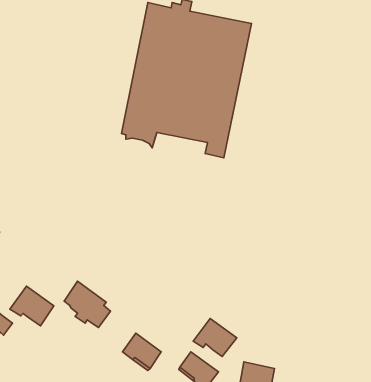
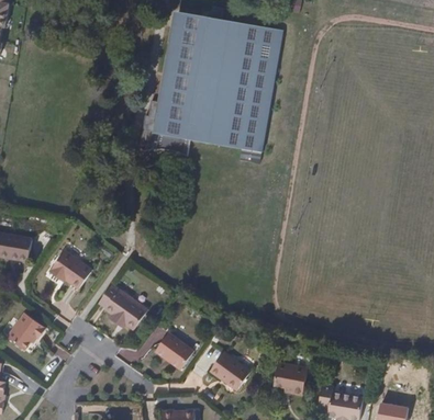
building: [10,286,54,326] -> [46,251,90,291]
building: [193,319,237,357] -> none

